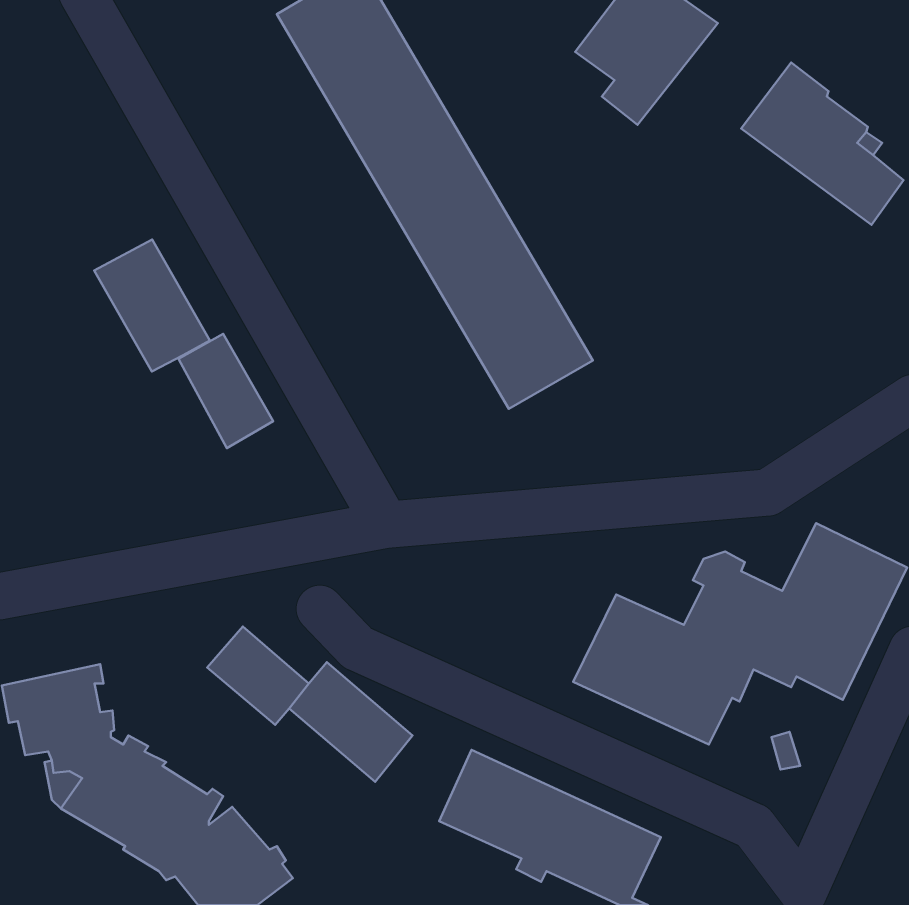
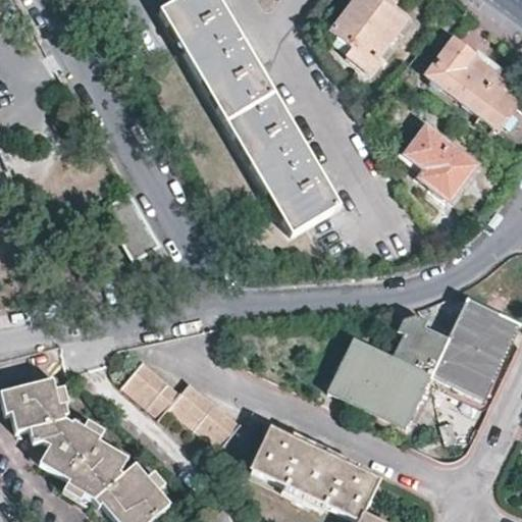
building: none -> [405,124,478,201]
building: [94,239,210,372] -> none

